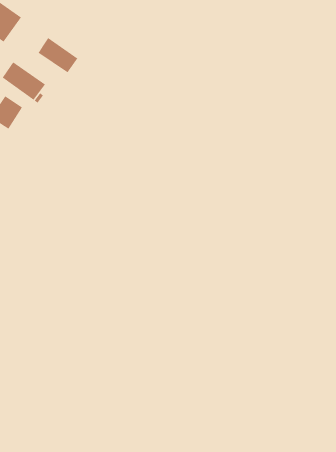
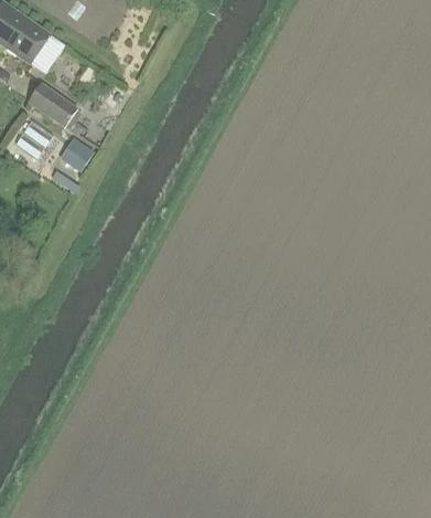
building: [38,37,78,73] -> none
building: none -> [60,137,94,171]

